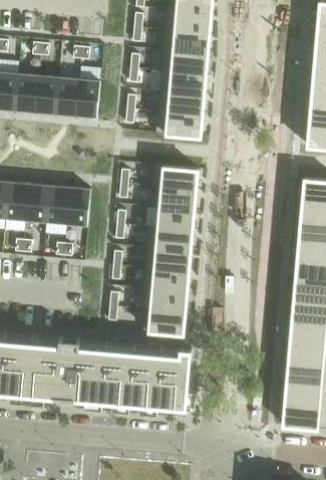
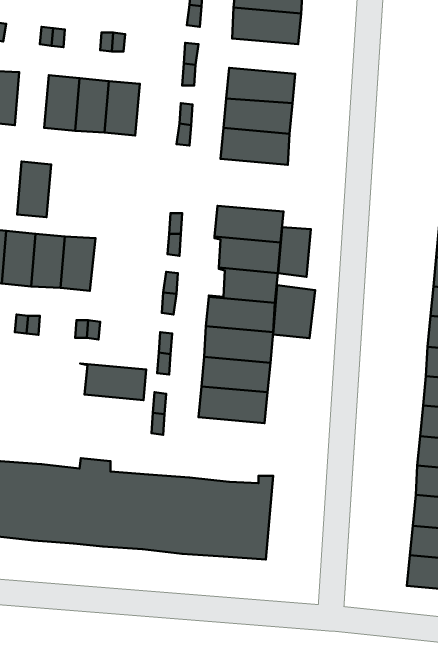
building: [161,51,209,75] -> none
building: [15,74,38,112] -> [17,162,51,217]
building: none -> [278,227,311,277]
building: [66,188,91,226] -> none
building: none -> [273,285,315,338]
building: [140,310,186,335] -> [80,364,146,400]

